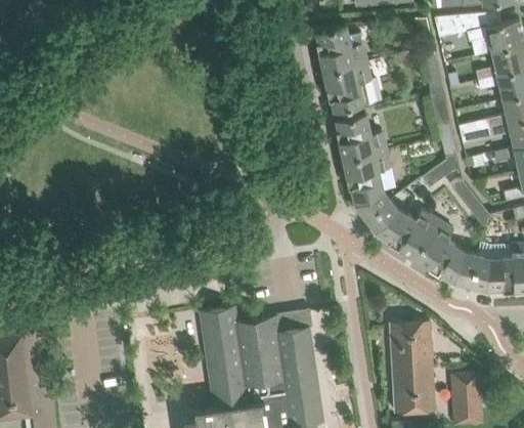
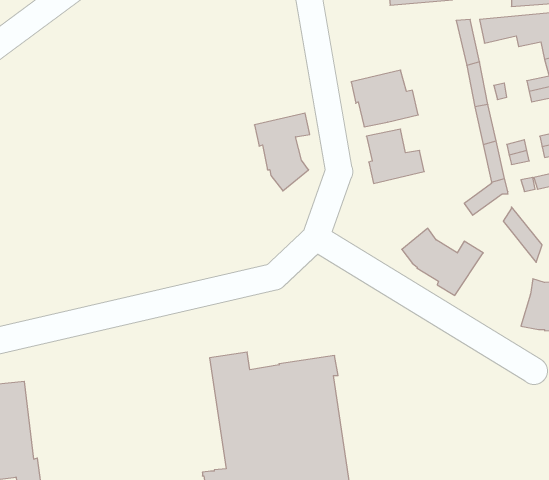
building: [316,26,366,73] -> none
building: [343,151,391,218] -> [254,113,310,191]
building: [413,221,479,285] -> none
building: [390,320,435,414] -> none
building: [451,373,482,414] -> none

